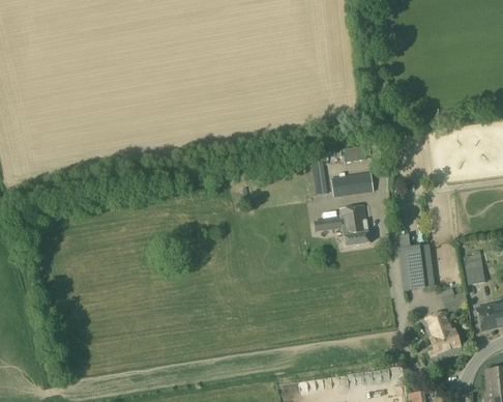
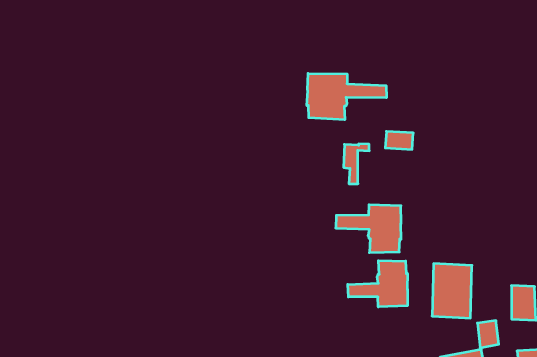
building: none -> [307,73,386,120]
building: [332,171,374,197] -> none
building: none -> [348,261,407,307]

